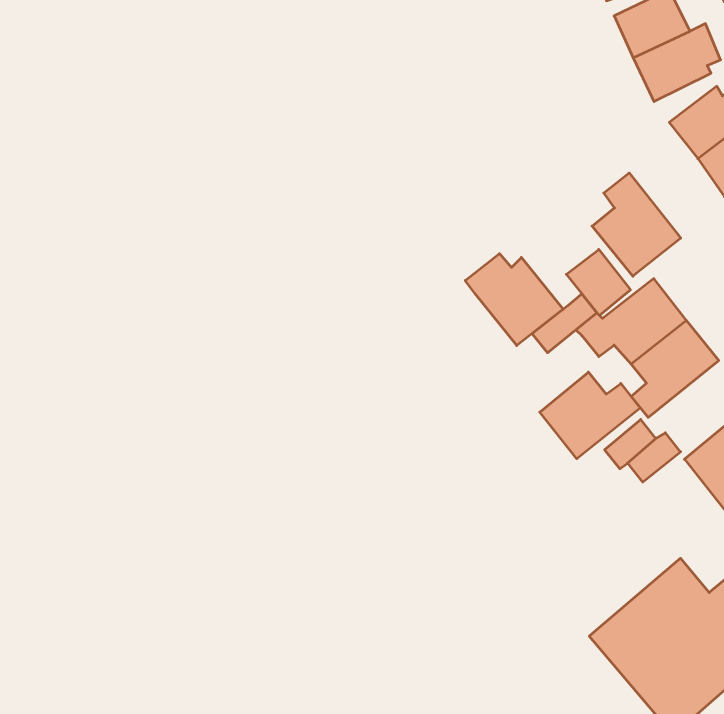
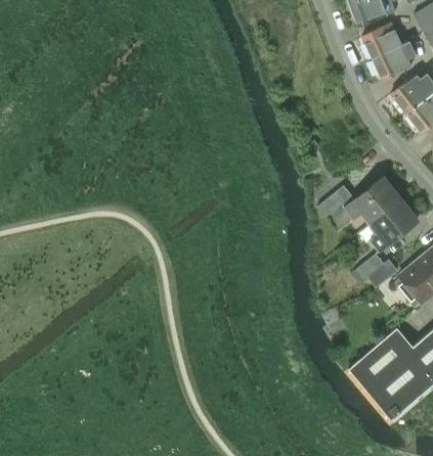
building: [592,173,681,276] -> none
building: [566,249,630,315] -> none
building: [465,254,563,346] -> none
building: [540,372,640,459] -> none

